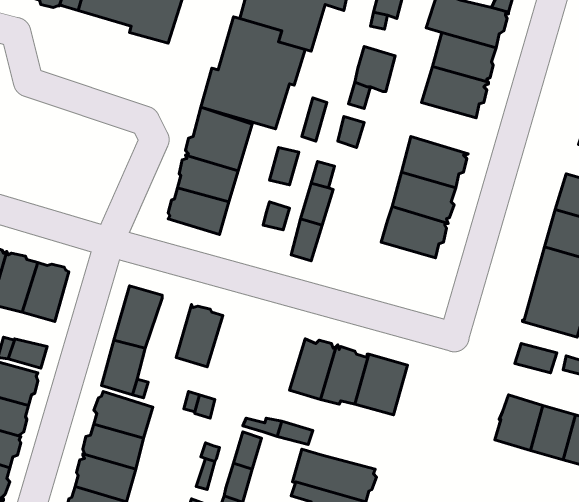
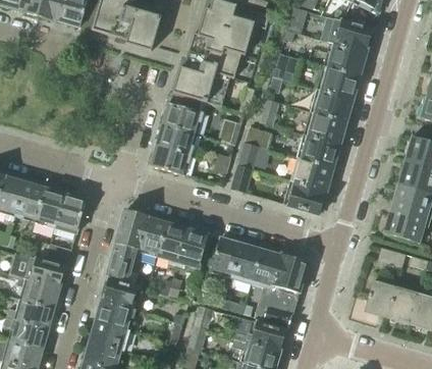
building: none -> [310,89,353,122]
building: none -> [283,180,326,214]
building: none -> [136,217,166,256]
building: none -> [176,228,208,268]
building: none -> [210,238,240,277]
building: none -> [254,284,299,327]

